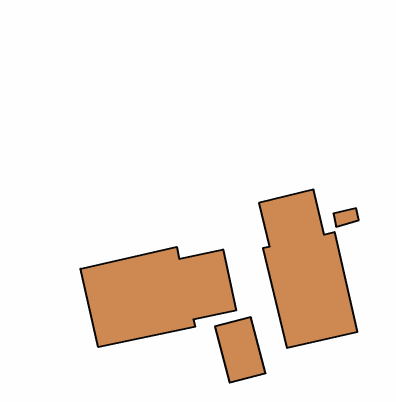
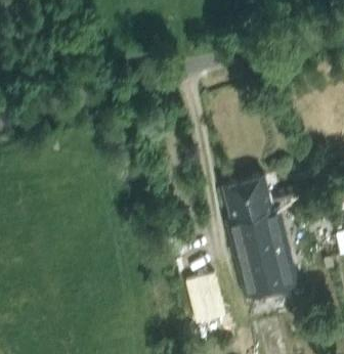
building: [80,247,236,347] -> none

